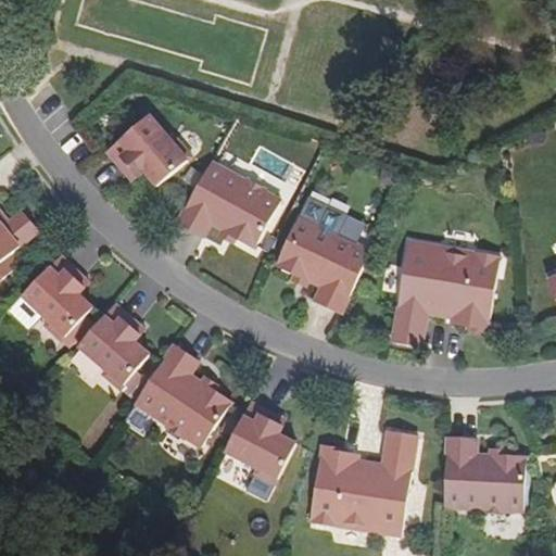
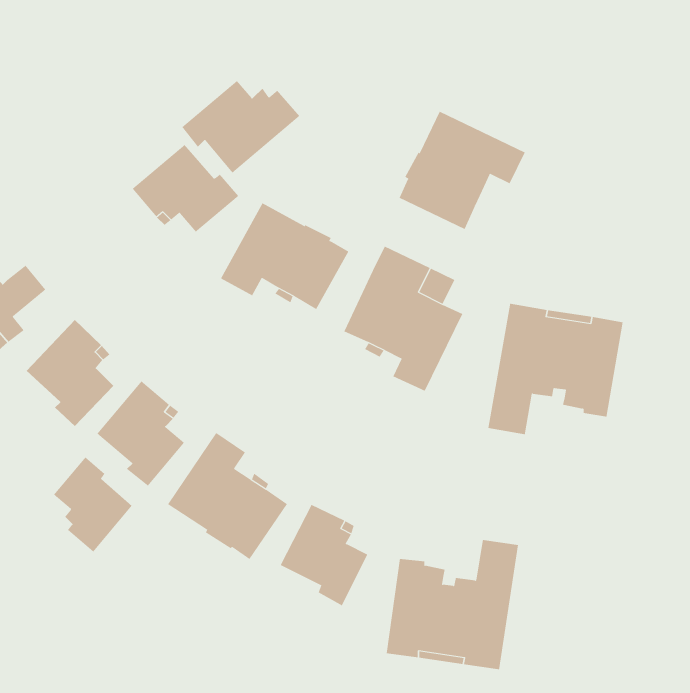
building: none -> [181,80,300,173]
building: none -> [399,111,526,230]
building: none -> [53,456,133,552]
building: [443,438,526,511] -> none

